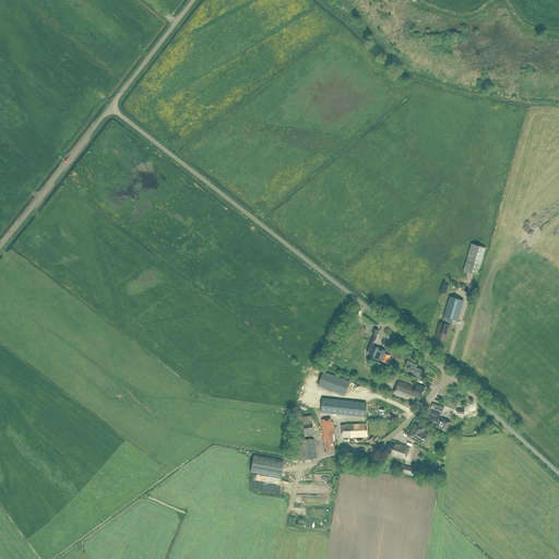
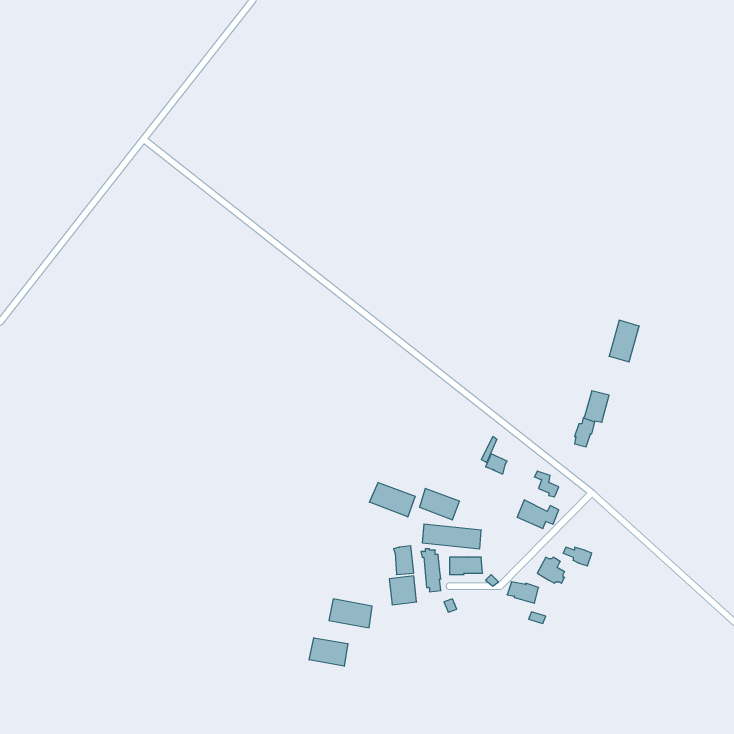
building: none -> [369,482,415,517]
building: none -> [309,638,348,666]

